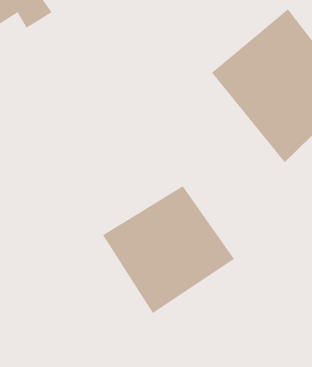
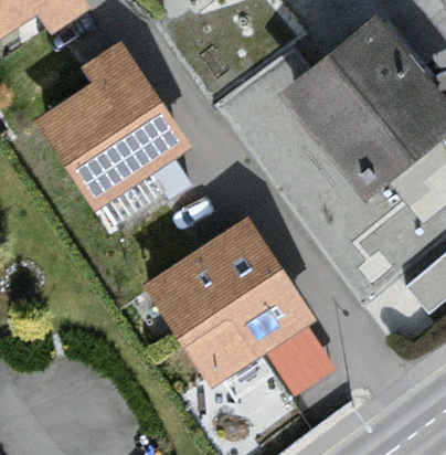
building: none -> [43,47,189,207]

